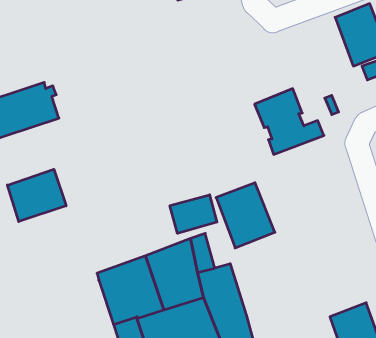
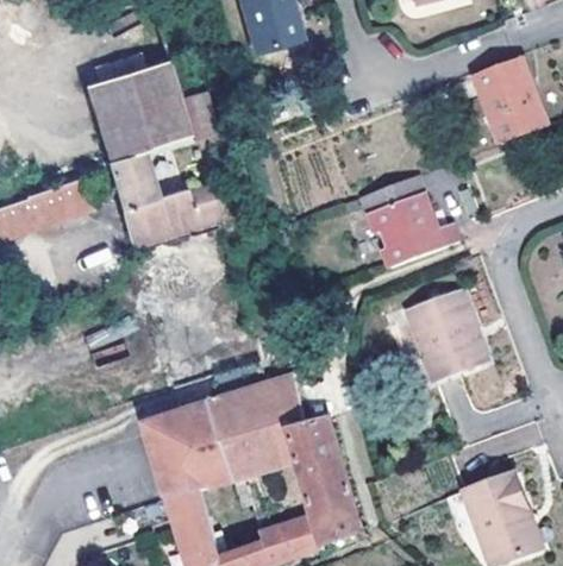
building: none -> [88,68,225,250]
building: [7,169,66,222] -> none
building: [216,183,275,248] -> [407,290,488,379]
building: [170,195,217,233] -> none

